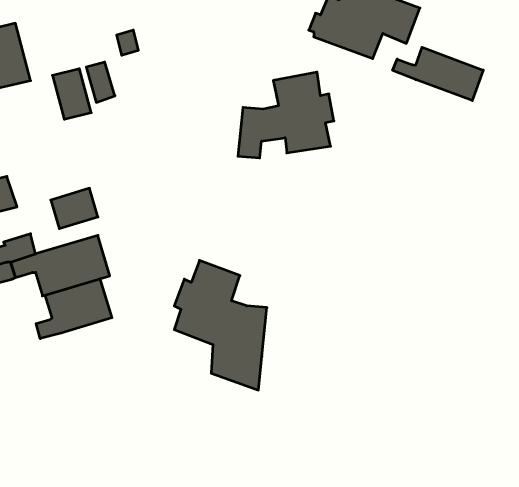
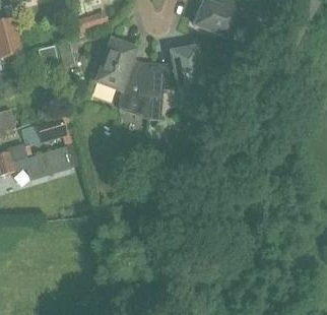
building: [393,47,483,101] -> none
building: [174,260,267,390] -> [95,39,151,117]
building: [36,279,112,339] -> none

